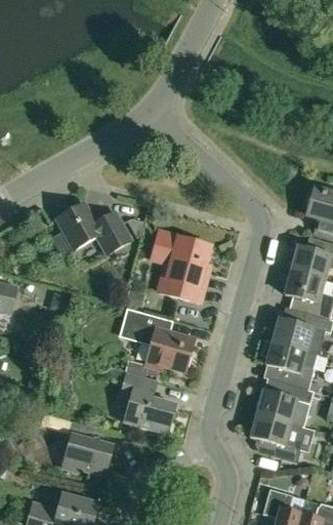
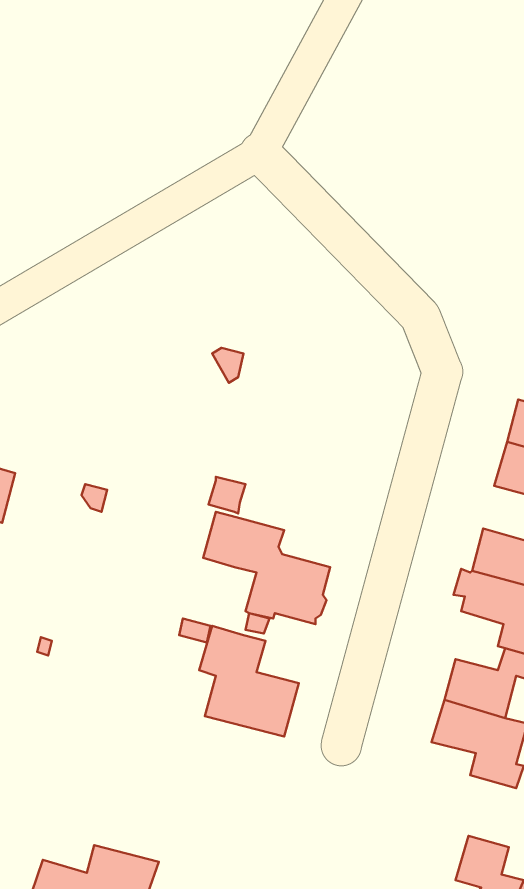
building: [54,203,131,254] -> none
building: [156,234,209,302] -> none
building: [66,420,110,475] -> none

